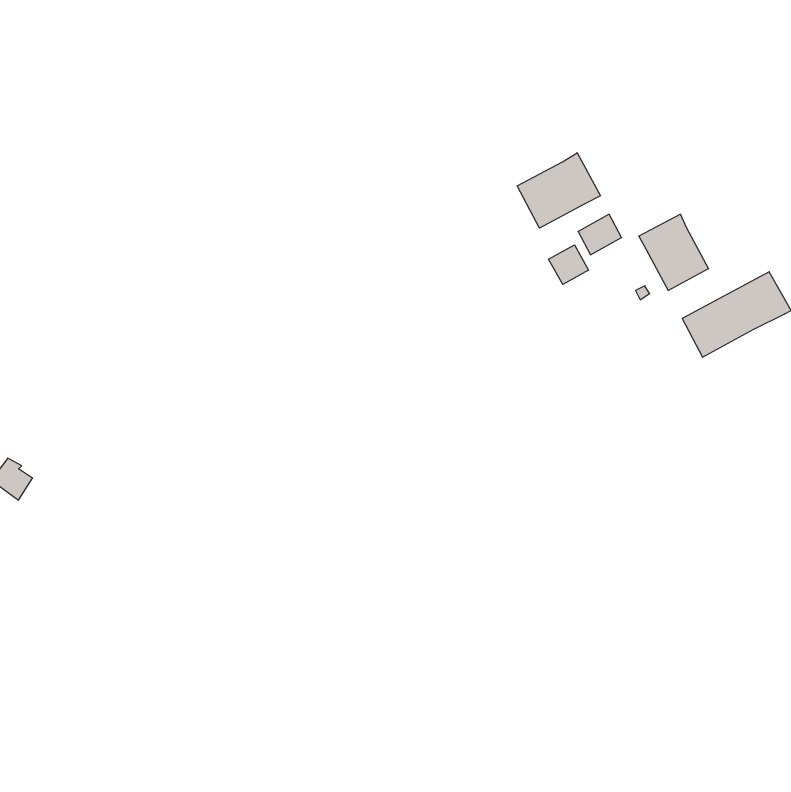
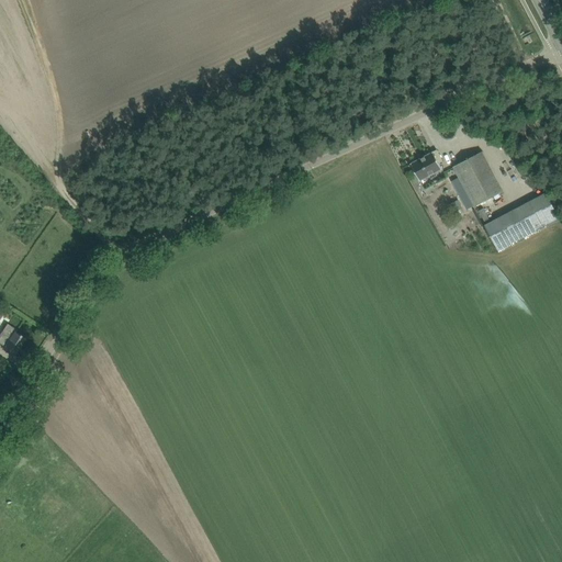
building: [517,153,601,228] -> none
building: [549,245,589,284] -> none

